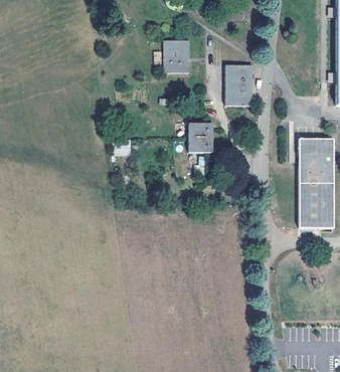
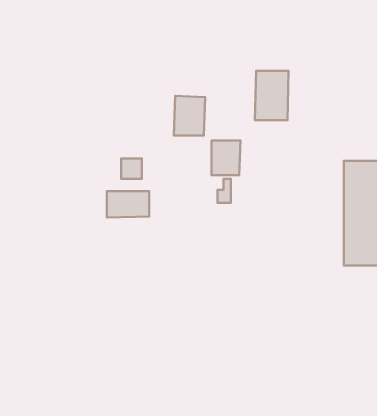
building: [165,39,191,72] -> [174,96,205,136]
building: none -> [107,191,149,218]

